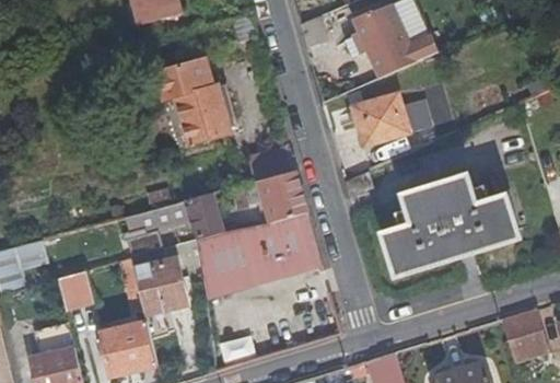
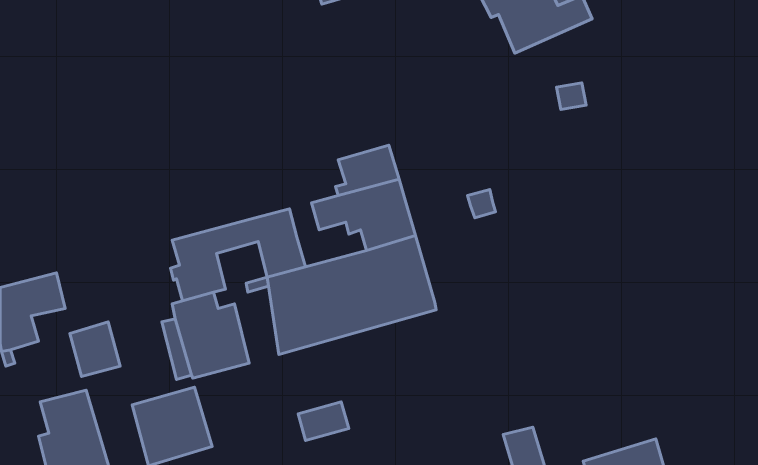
building: [154,59,238,144] -> none
building: [351,90,412,146] -> none
building: [383,173,520,276] -> none
building: [502,309,548,360] -> none

